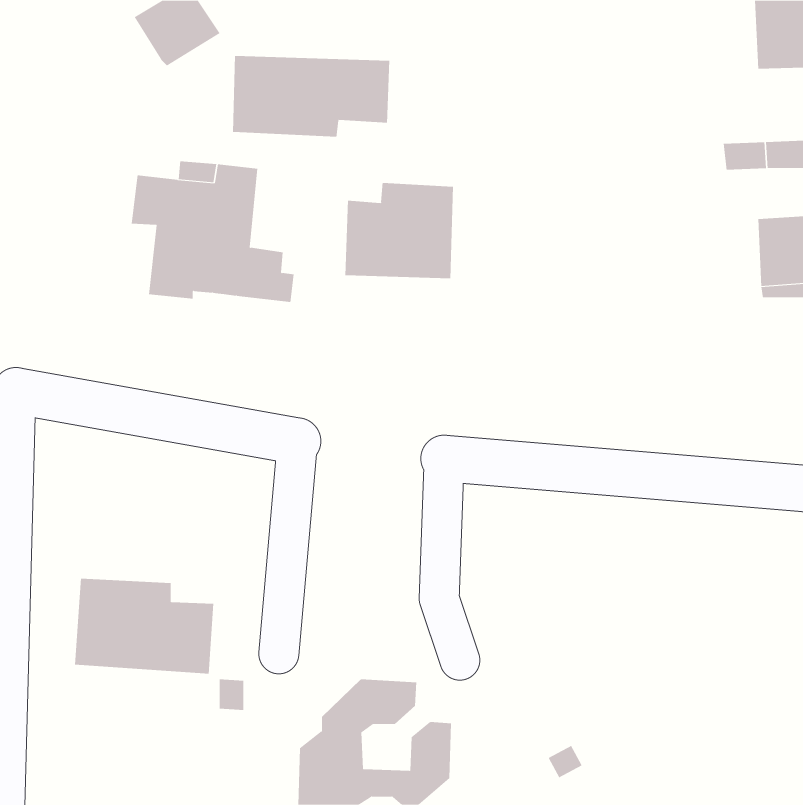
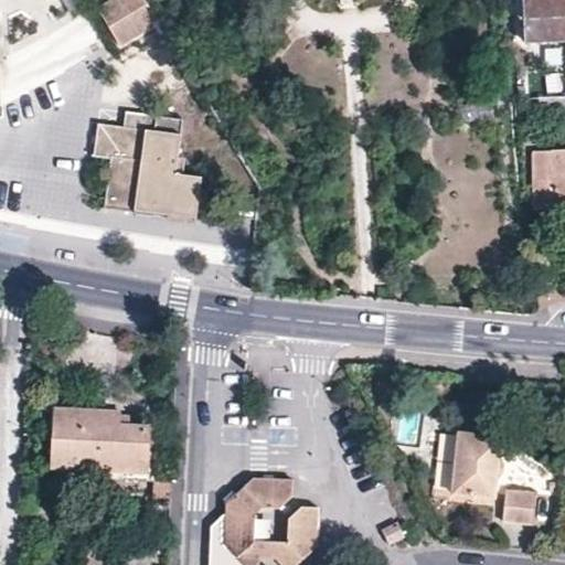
building: [232,55,390,137] -> none
building: [345,182,454,279] -> none
building: none -> [450,431,536,522]

